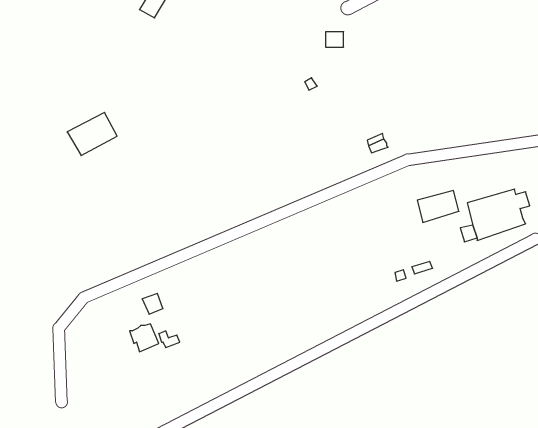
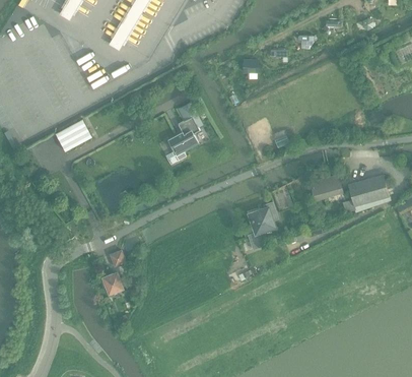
building: none -> [167,116,199,160]
building: none -> [248,201,278,248]

